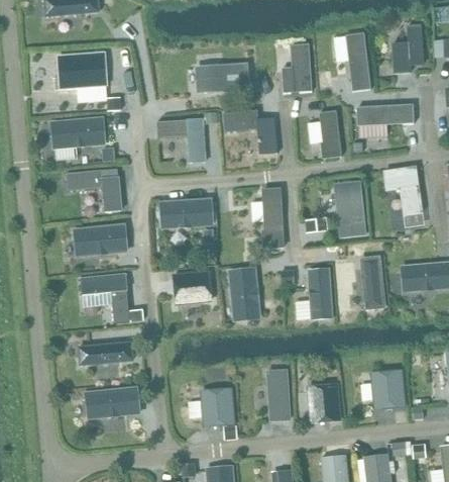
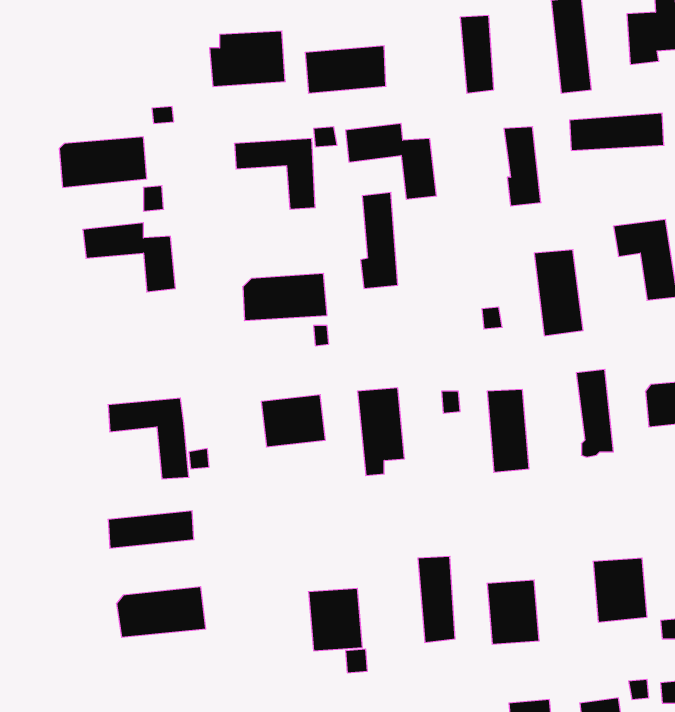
building: [61,54,106,87] -> [210,31,285,87]
building: [261,190,284,248] -> [361,192,398,288]
building: [74,224,126,255] -> none

